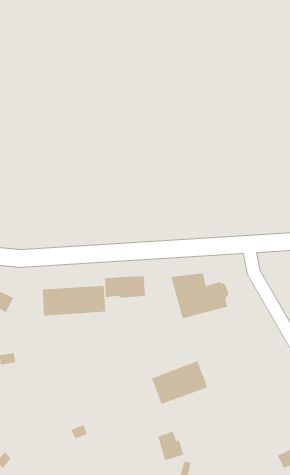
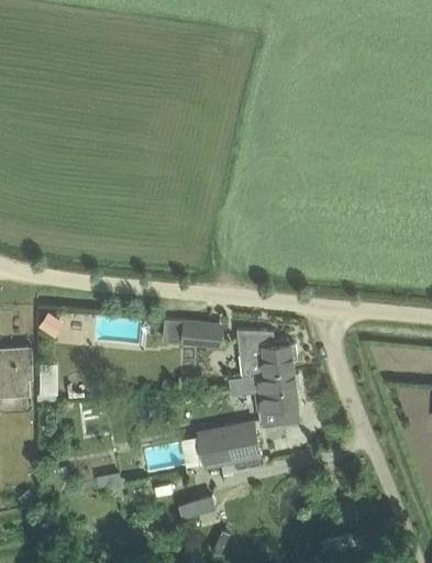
building: [42,285,106,317] -> none
building: none -> [242,371,300,427]

